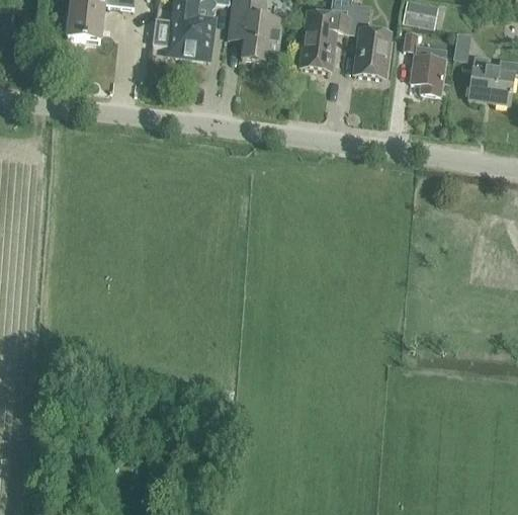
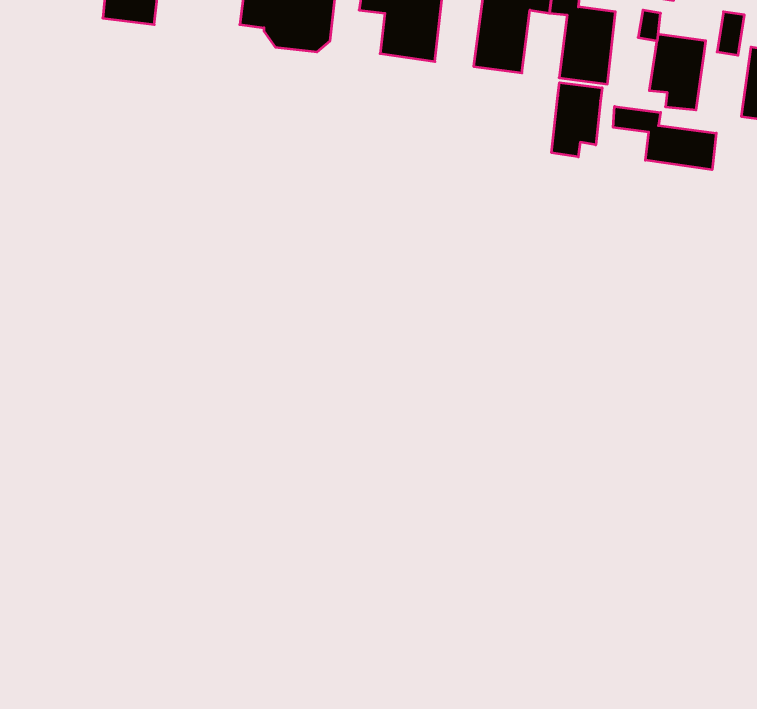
building: none -> [552,83,602,157]
building: none -> [613,106,716,170]

